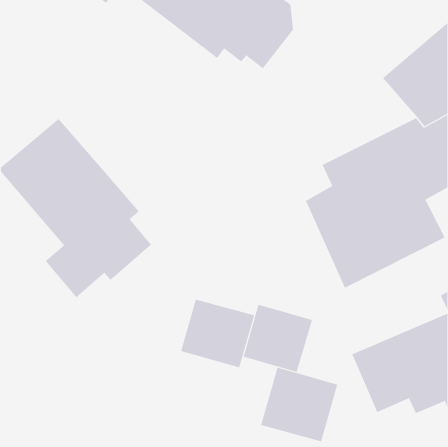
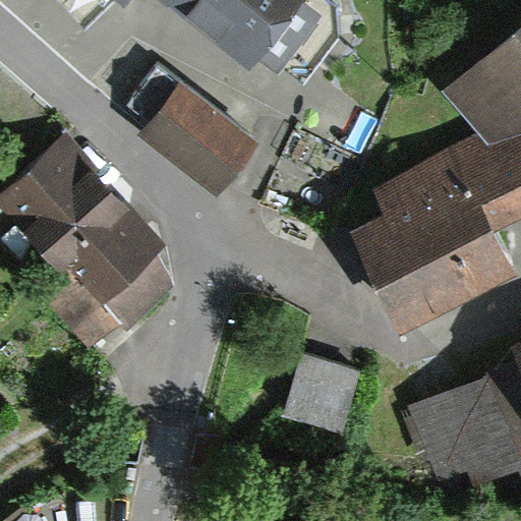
building: none -> [126,62,259,195]
building: [181,299,255,368] -> none
building: [261,367,338,442] -> none

